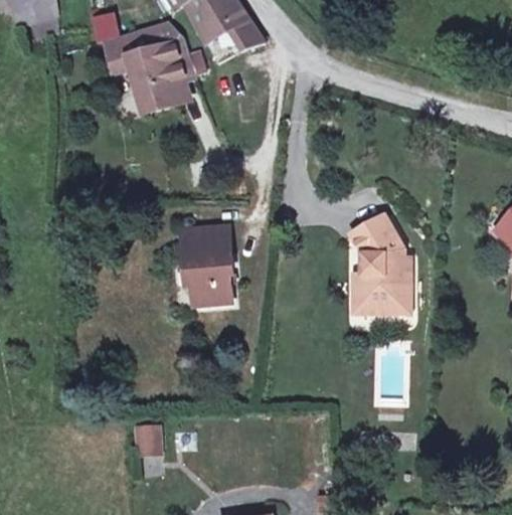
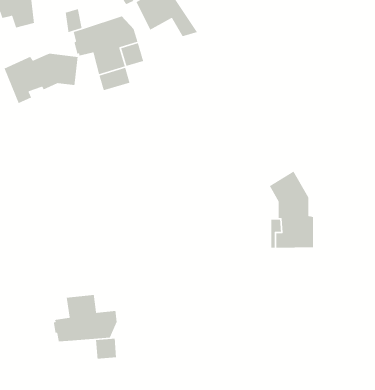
building: none -> [3,53,78,104]
building: [182,226,232,306] -> none
building: none -> [53,294,117,342]

